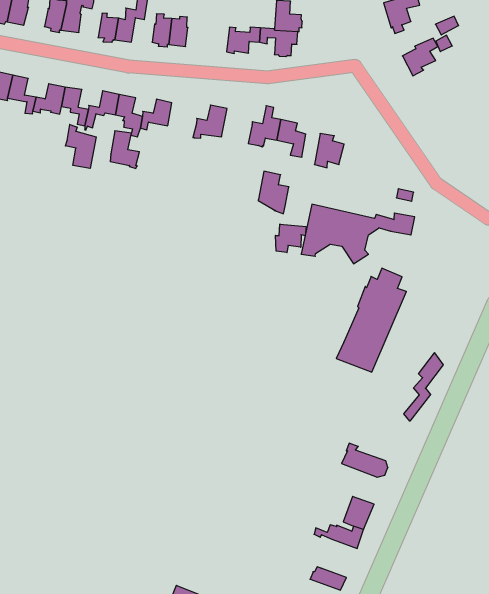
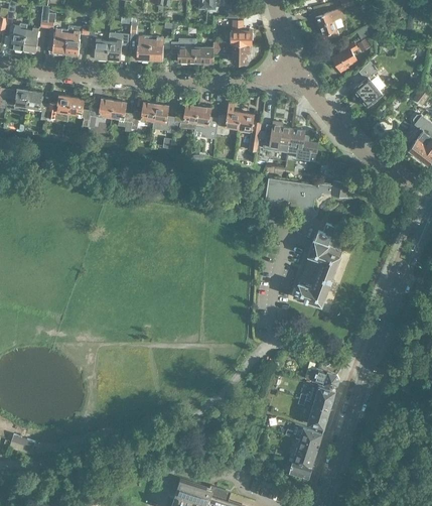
building: none -> [170,41,195,62]
building: none -> [352,61,384,106]
building: [65,124,96,168] -> none
building: [110,131,139,168] -> [152,105,174,133]
building: none -> [287,129,317,153]
building: [258,171,289,214] -> [194,107,218,139]
building: [276,224,306,253] -> none
building: [404,353,443,421] -> none
building: none -> [311,384,335,408]
building: none -> [292,437,319,467]

